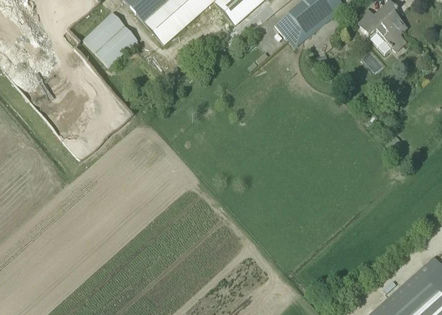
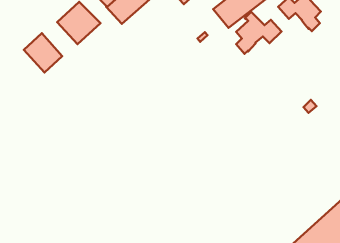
building: none -> [236,12,282,54]
building: none -> [24,33,62,72]

